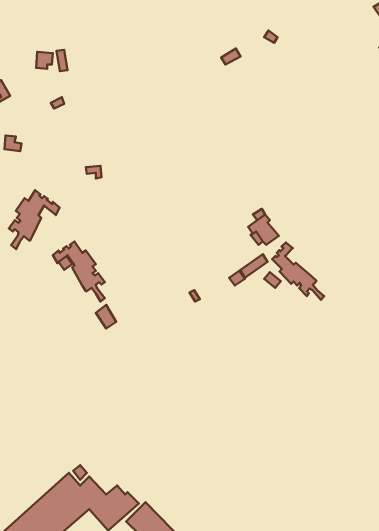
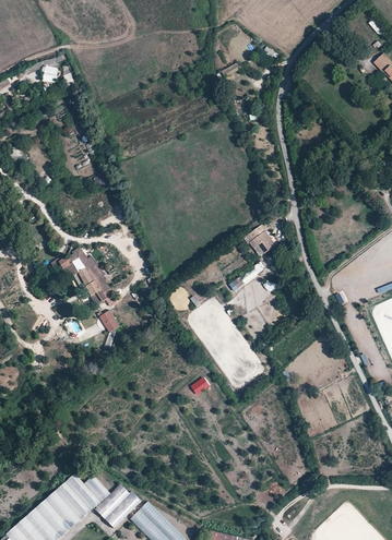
building: [9,190,59,249] -> none
building: [272,242,324,300] -> none

